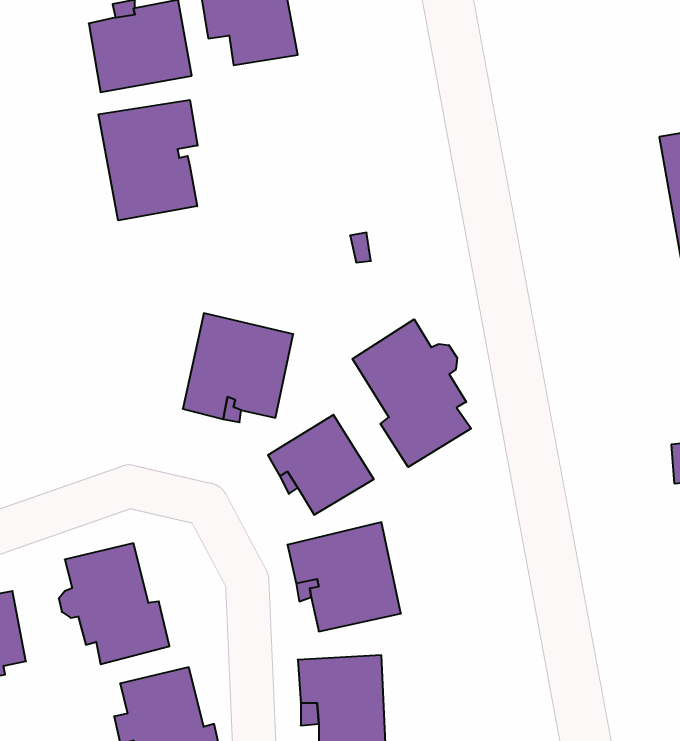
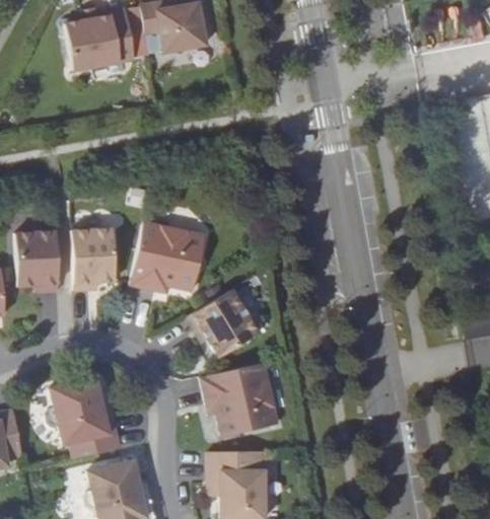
building: [99,100,198,220] -> none
building: [352,319,471,467] -> none
building: none -> [72,230,116,291]
building: none -> [15,232,60,292]

